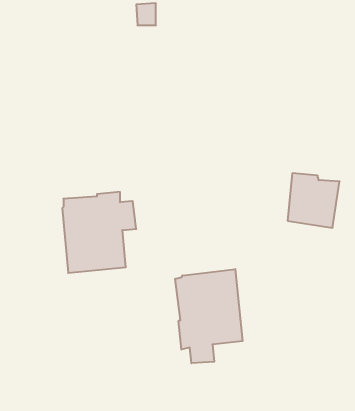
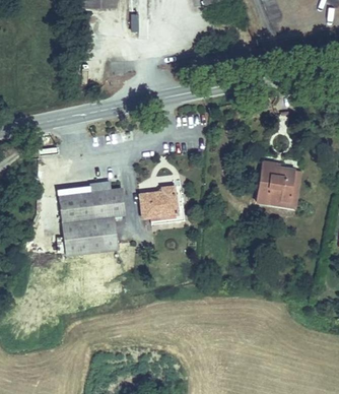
building: none -> [140,185,183,226]
building: [175,269,243,363] -> none

